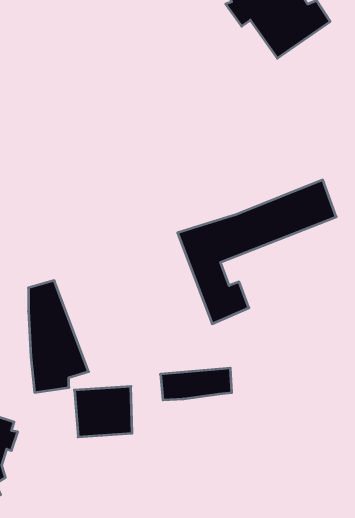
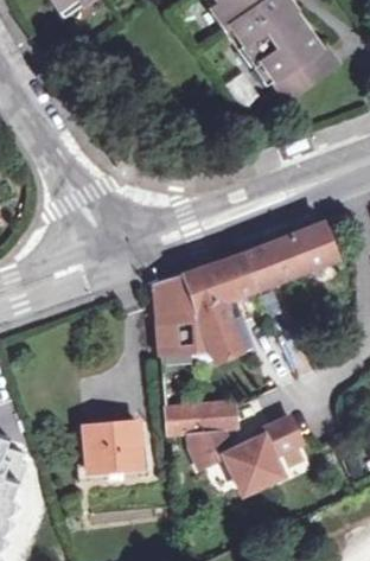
building: [28,281,89,392] -> [159,273,217,381]
building: none -> [190,417,302,490]

